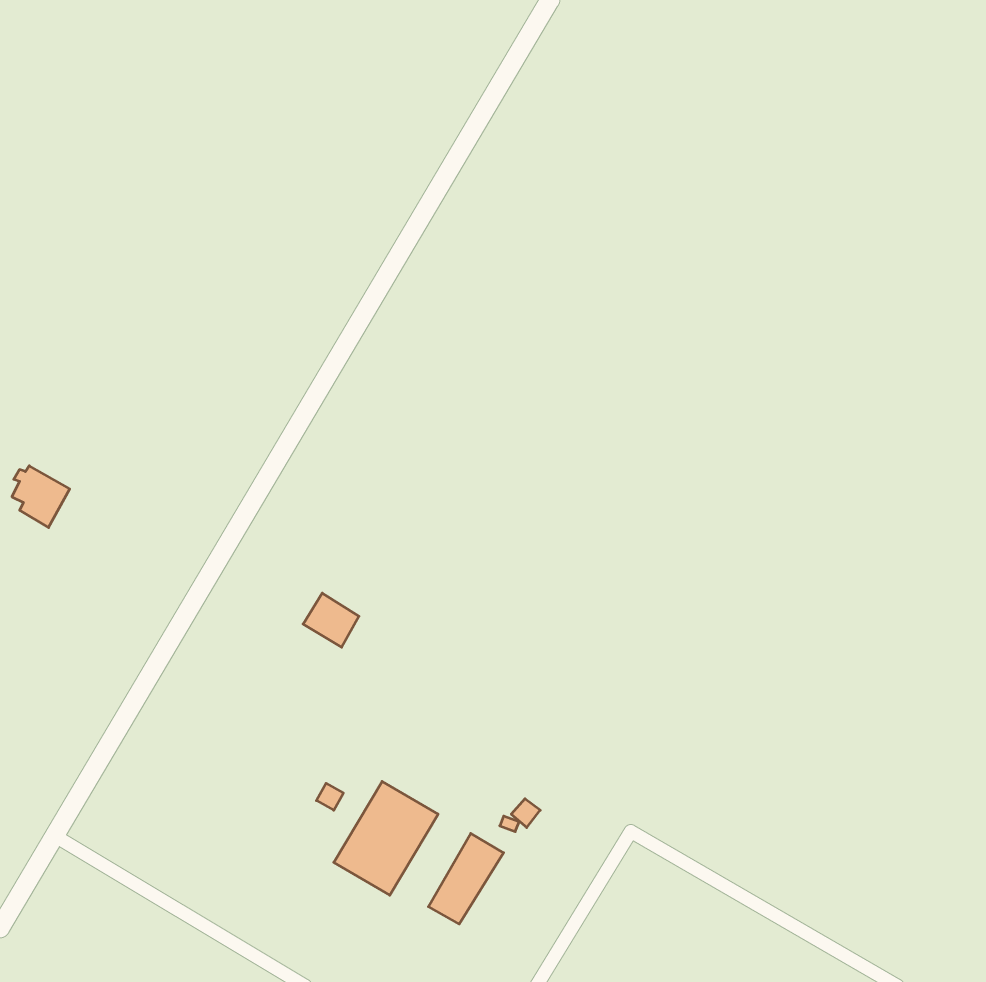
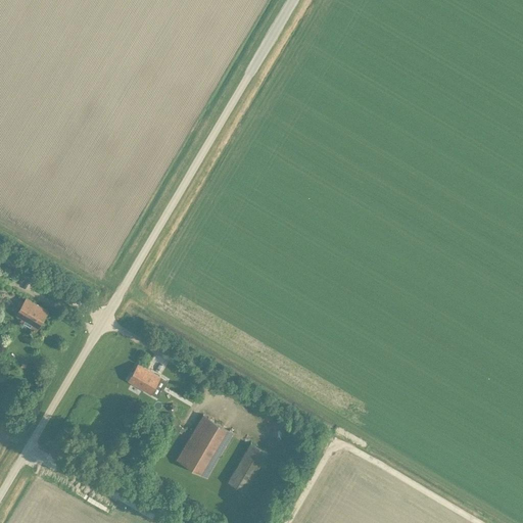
building: [12,466,70,528] -> [16,299,47,332]
building: [303,593,359,647] -> [128,365,157,393]

